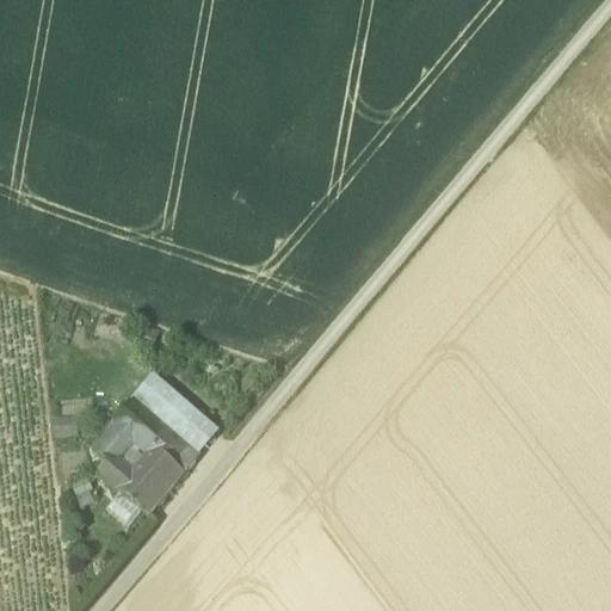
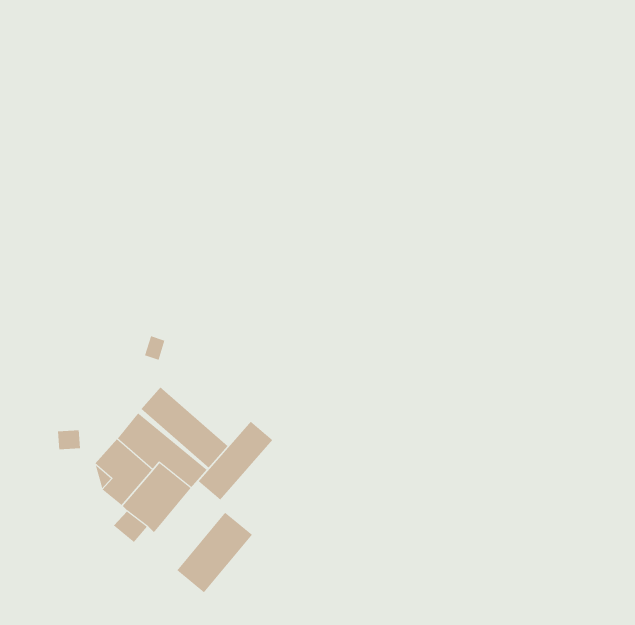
building: none -> [198,421,273,501]
building: none -> [176,512,253,593]

